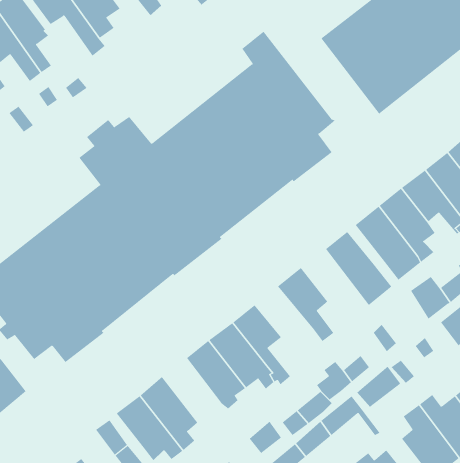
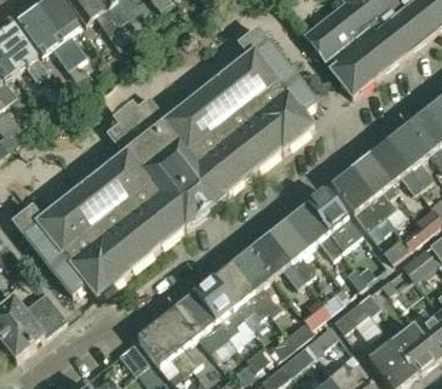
building: none -> [288,204,343,256]
building: none -> [251,234,298,280]
building: none -> [176,292,229,349]

